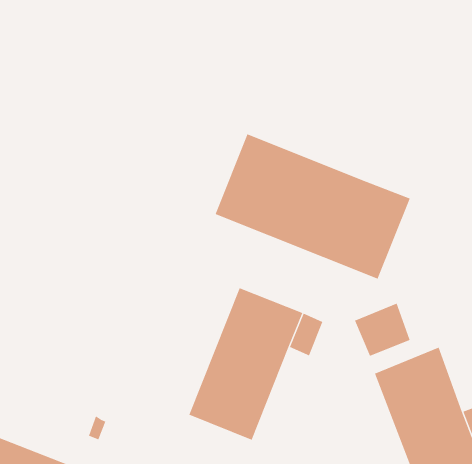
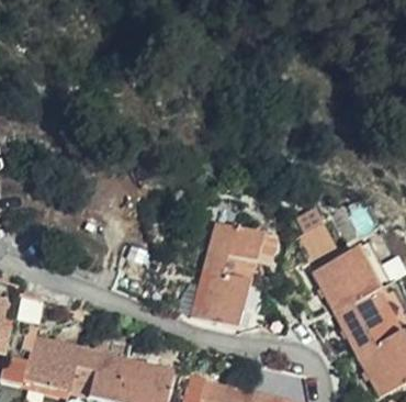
building: [215,133,410,279] -> none

